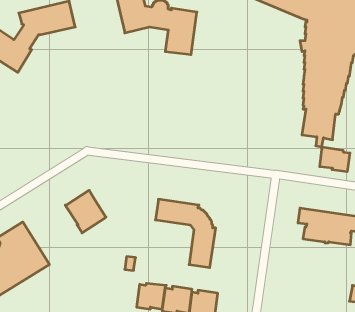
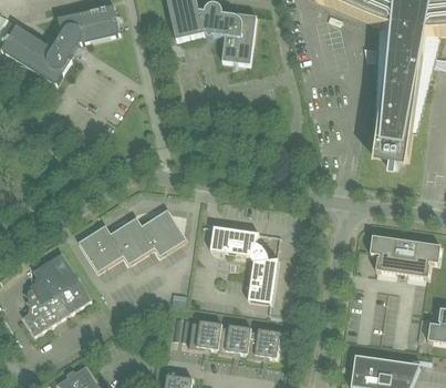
building: [320,147,350,172] -> none
building: none -> [141,208,186,255]
building: none -> [77,224,123,272]

